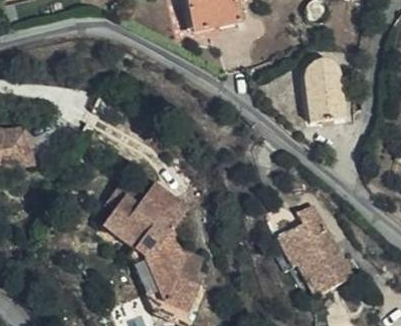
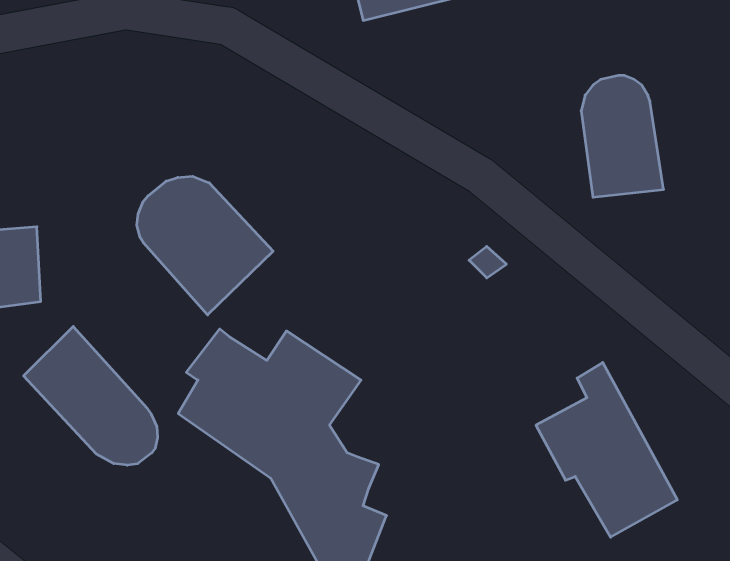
building: none -> [137,176,273,315]
building: none -> [24,326,158,465]

